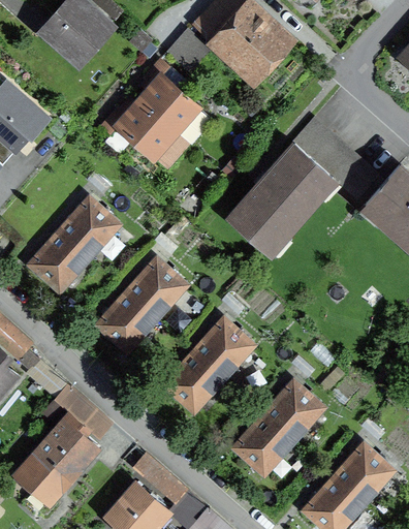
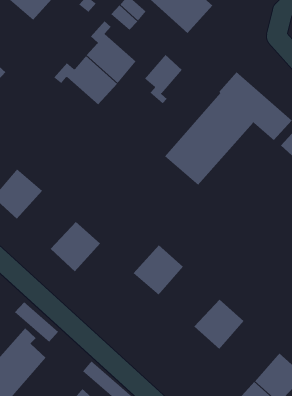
building: none -> [144,54,183,104]
building: [59,198,118,257] -> none
building: [127,259,186,318] -> none
building: [164,352,223,411] -> none
building: [234,414,293,474] -> none

